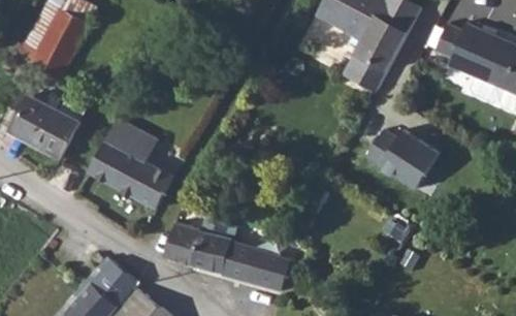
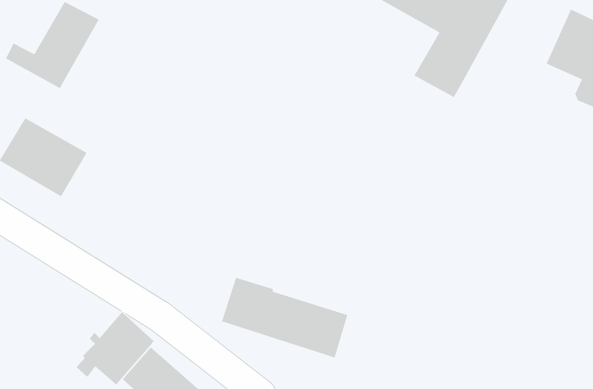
building: [84,118,169,202] -> none
building: [369,129,443,194] -> none
building: [161,216,198,261] -> none

